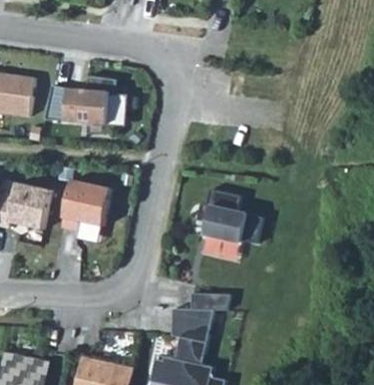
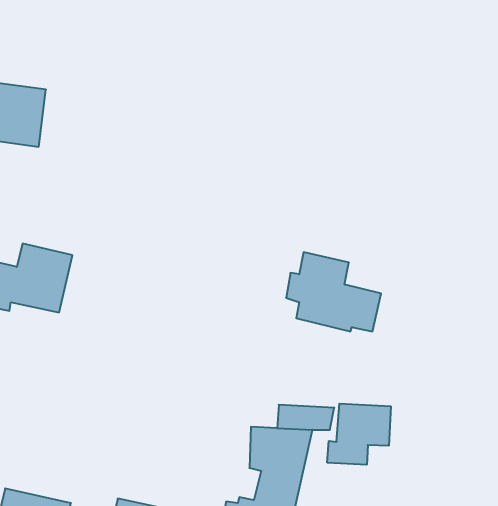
building: [43,74,115,123] -> none
building: [61,179,111,232] -> none
building: none -> [327,404,391,465]

